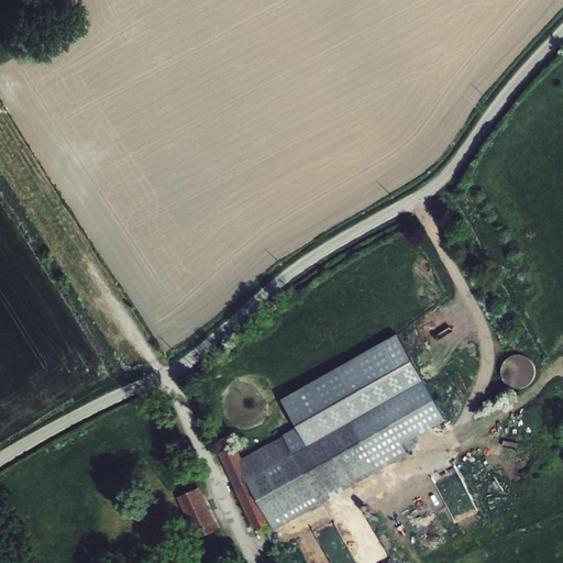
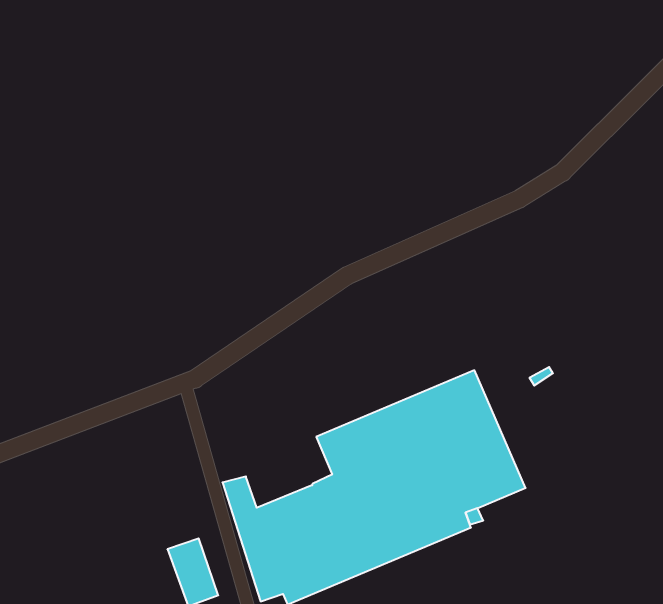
building: [501,356,532,387] -> none

